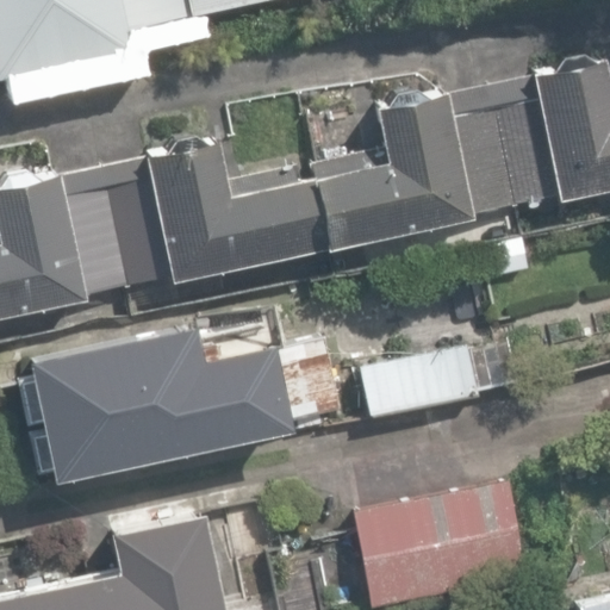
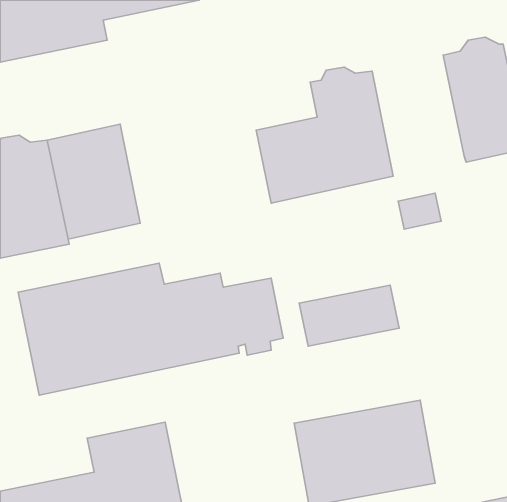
building: [448,76,558,214] -> none
building: [148,136,328,286] -> none

